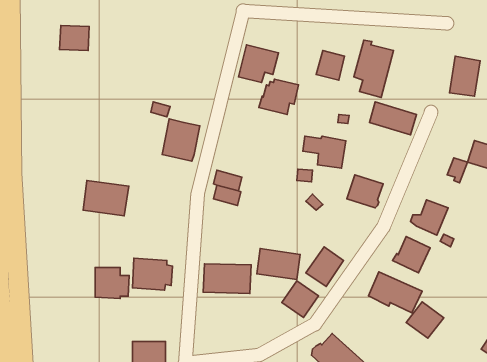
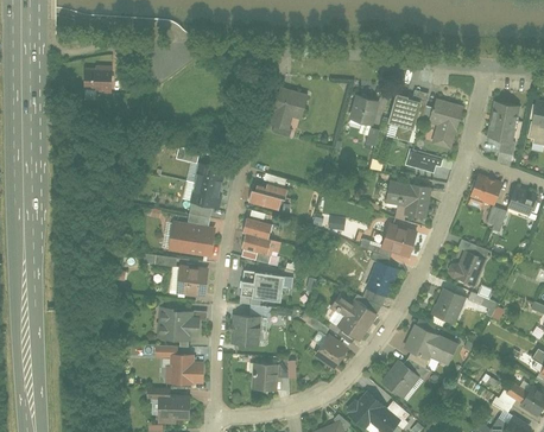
building: none -> [429,96,464,147]
building: [259,79,299,114] -> [248,171,290,208]
building: none -> [469,173,501,204]
building: [303,136,346,168] -> [386,183,431,216]
building: [83,180,129,216] -> [169,221,216,258]
building: none -> [365,258,399,297]
building: none -> [176,265,208,298]
building: [257,249,300,279] -> [239,268,284,300]
building: [95,268,129,298] -> [169,352,204,385]
building: [406,302,444,338] -> [380,358,419,396]
building: none -> [251,362,279,390]

